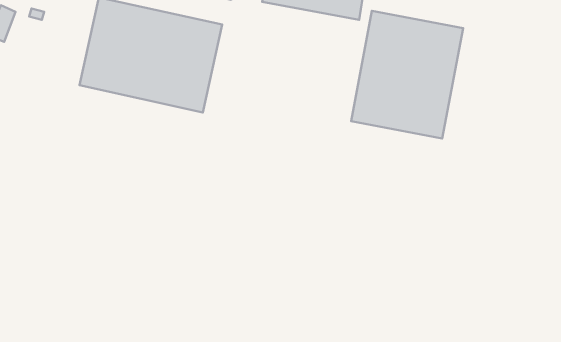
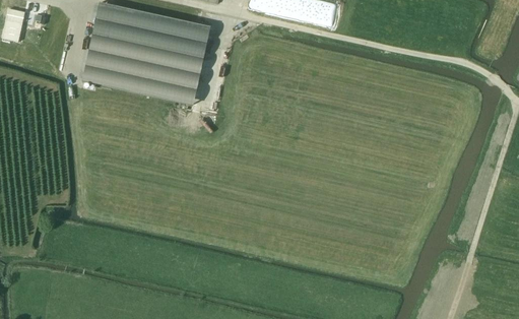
building: [351,11,463,138] -> none

